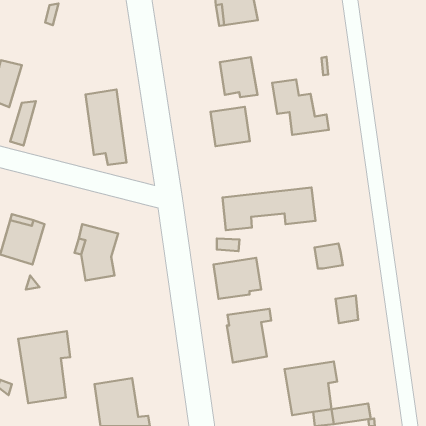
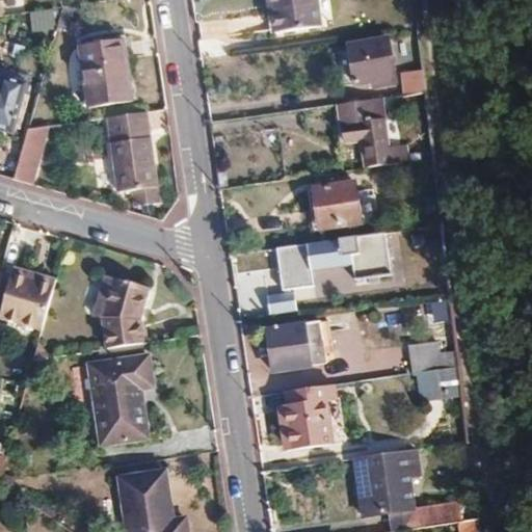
building: none -> [79,39,131,106]
building: [220,57,258,97] -> [348,36,395,86]
building: [210,107,250,146] -> [311,180,360,229]
building: [314,243,343,269] -> [406,340,442,371]
building: [18,331,70,403] -> [87,354,152,444]

